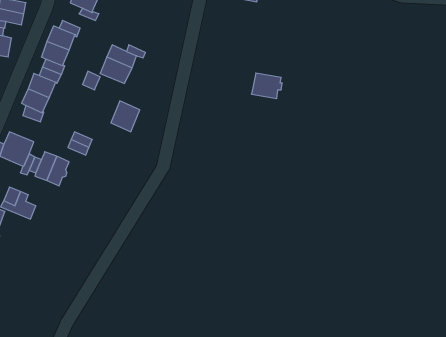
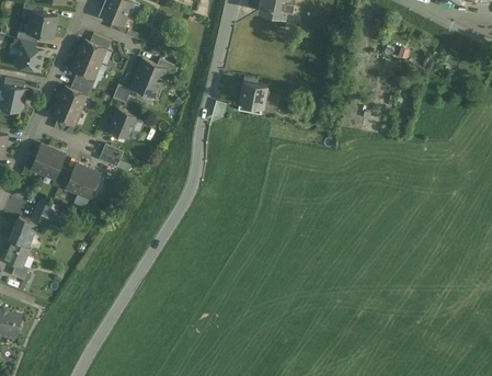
building: [251,73,282,99] -> [239,80,270,105]
building: [111,101,140,132] -> [108,109,137,139]

